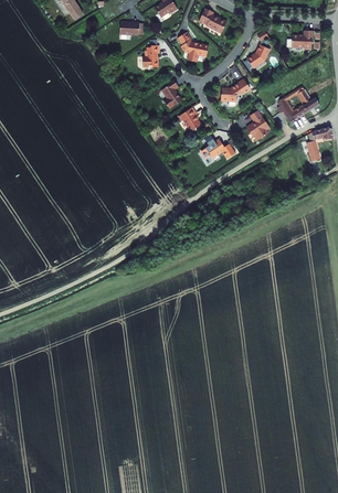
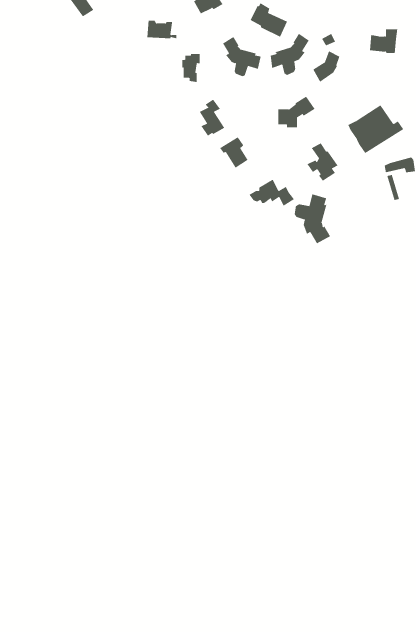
building: none -> [270,33,309,76]
building: none -> [294,194,331,244]

